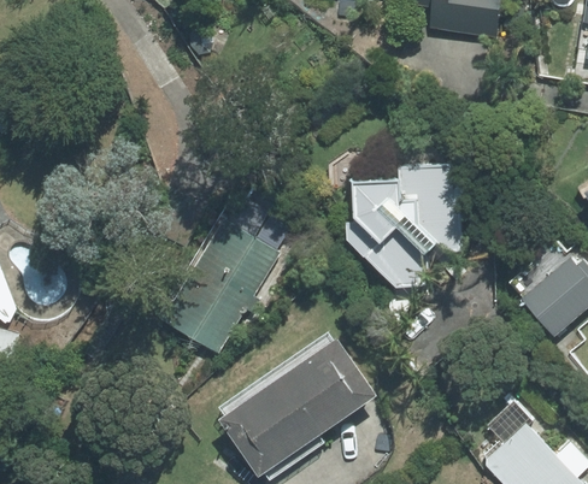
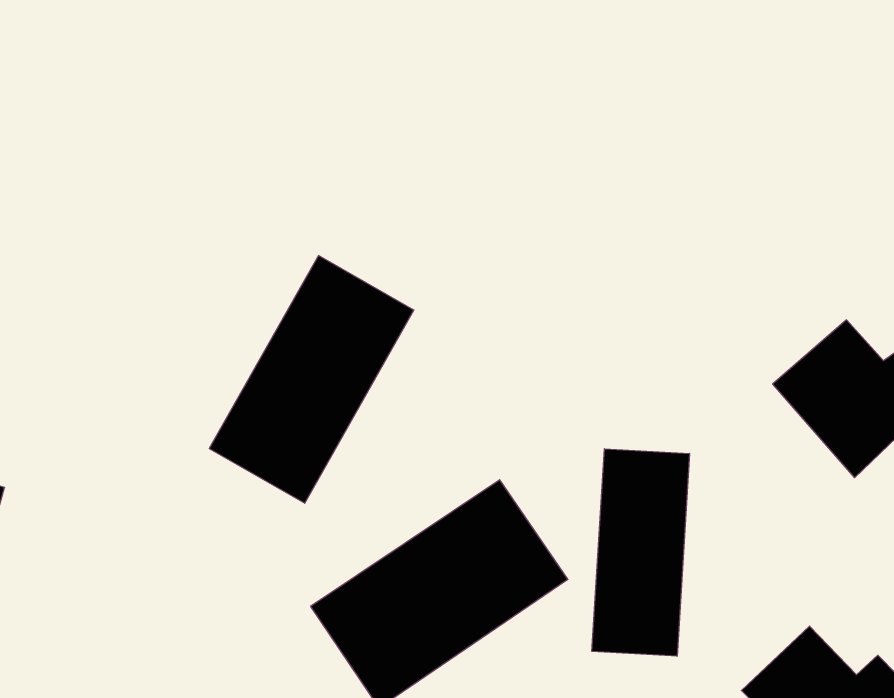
building: [352,143,461,290] -> none
building: none -> [592,449,689,656]

